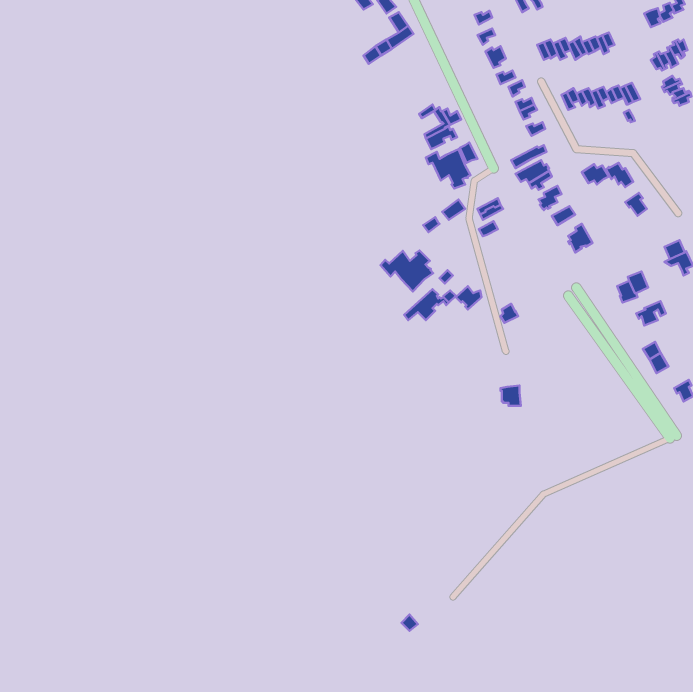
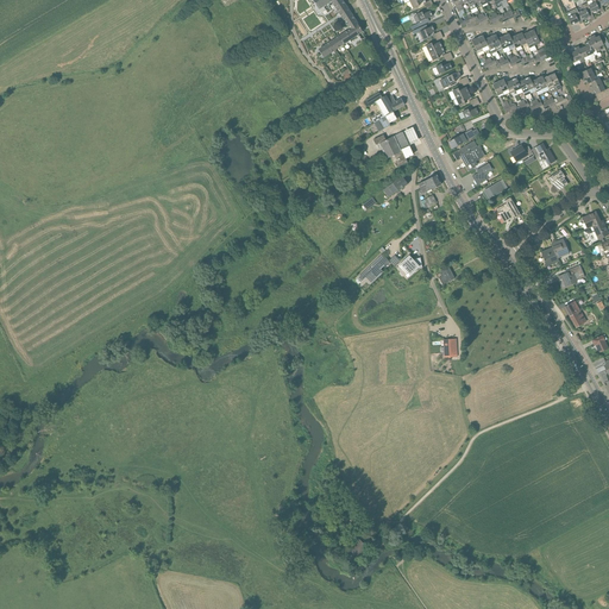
building: [380,251,433,291] -> none

